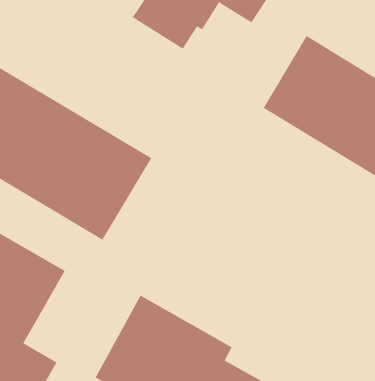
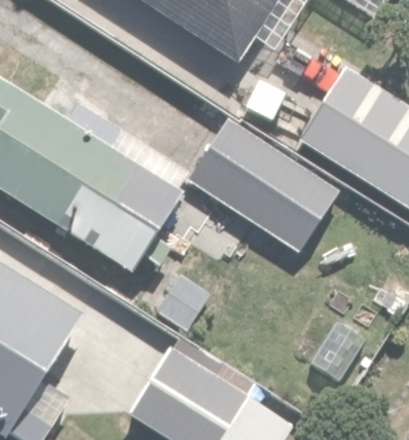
building: none -> [186,113,344,252]

